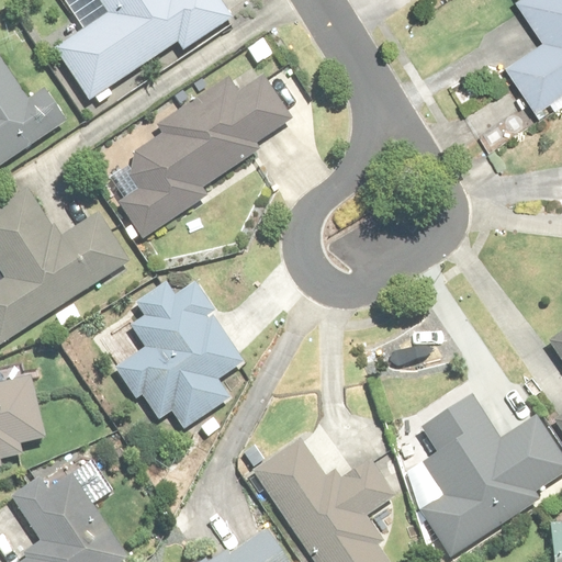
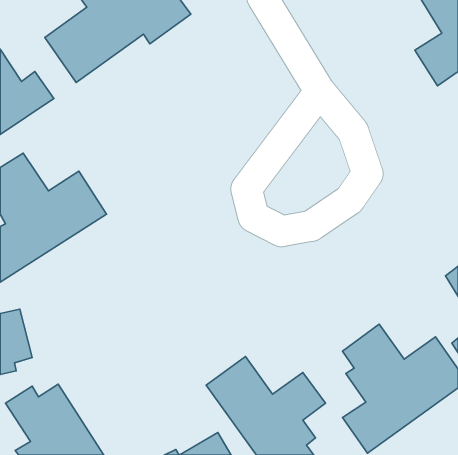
building: [122,66,284,241] -> none
building: [114,279,247,430] -> none

